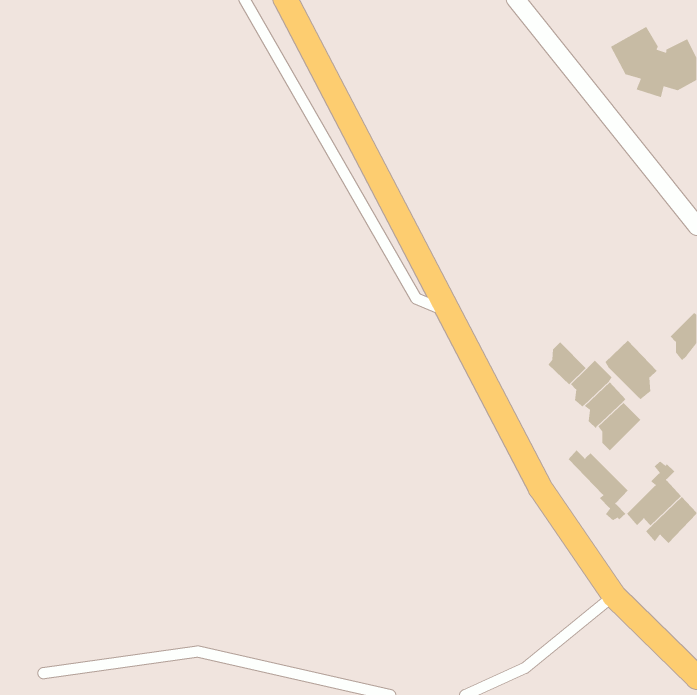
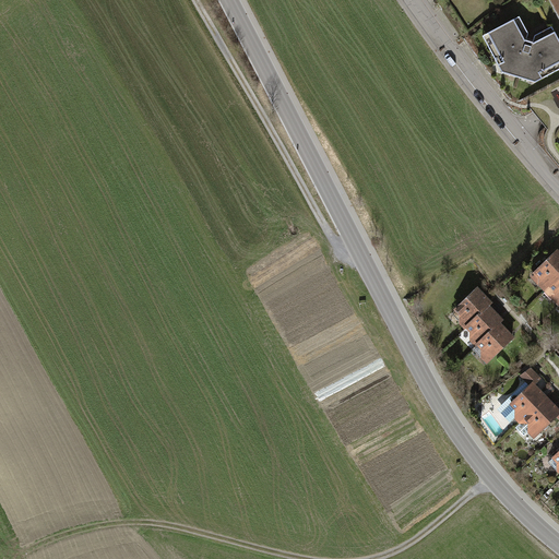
building: [604,340,658,400] -> none
building: [547,342,586,385] -> none
building: [568,449,628,521] -> none

